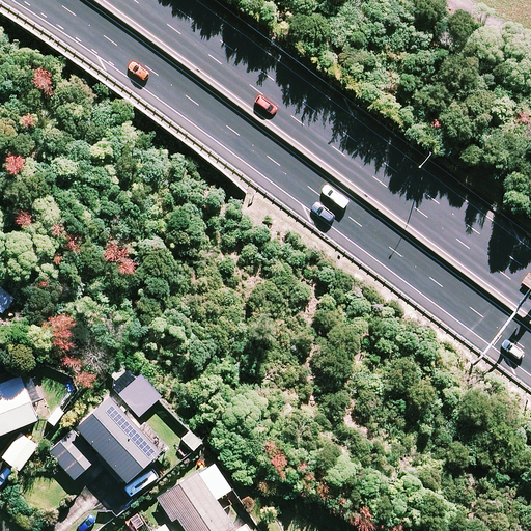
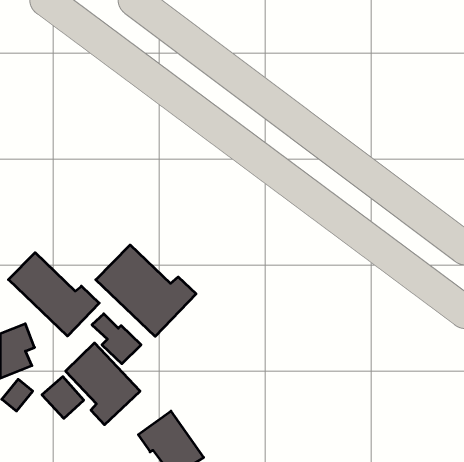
building: none -> [96,245,196,336]
building: none -> [8,253,99,336]

